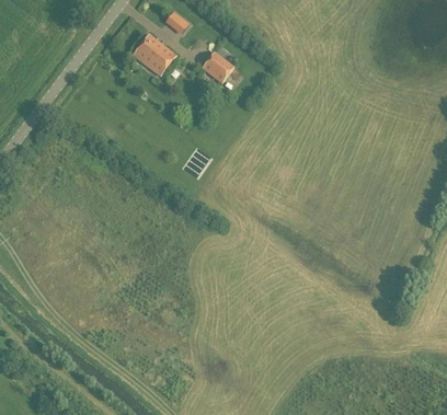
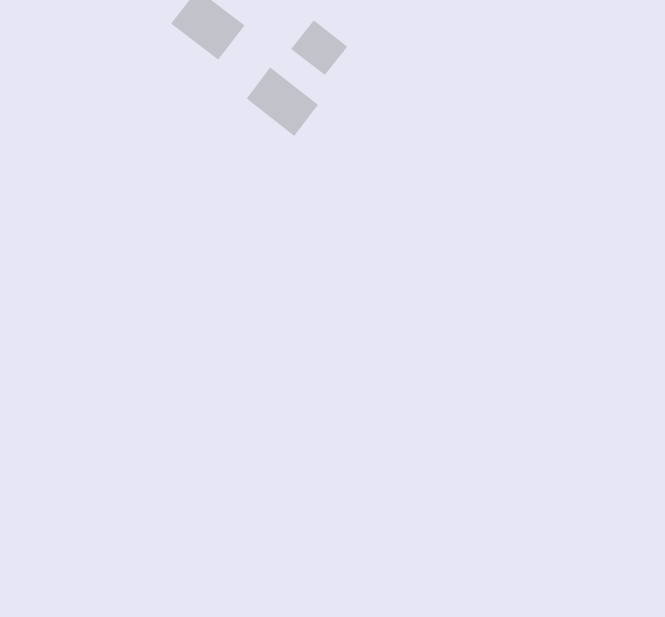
building: none -> [246,67,319,137]

